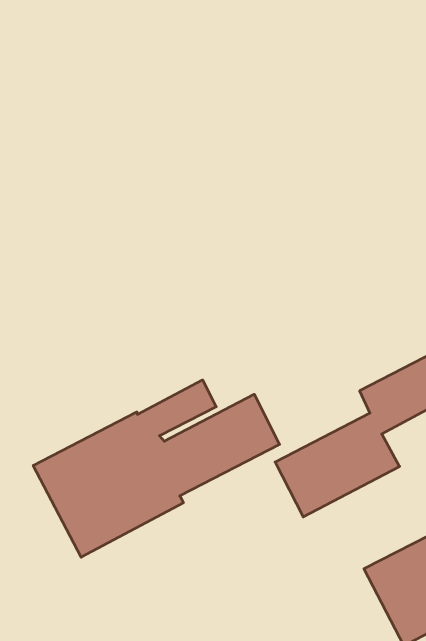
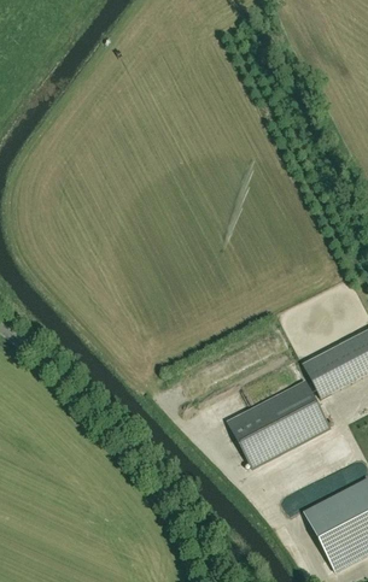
building: [33,380,280,557] -> none

